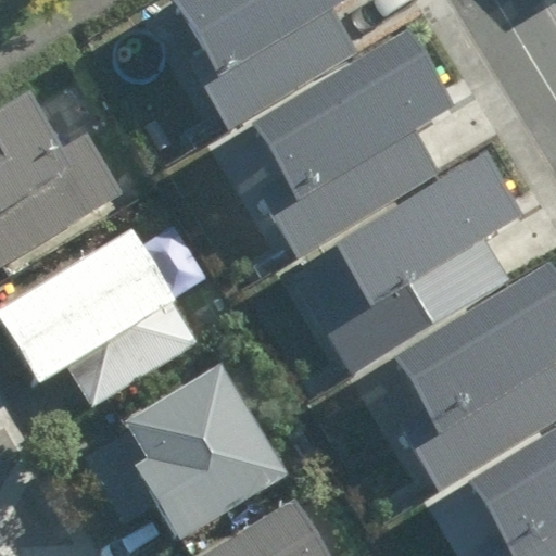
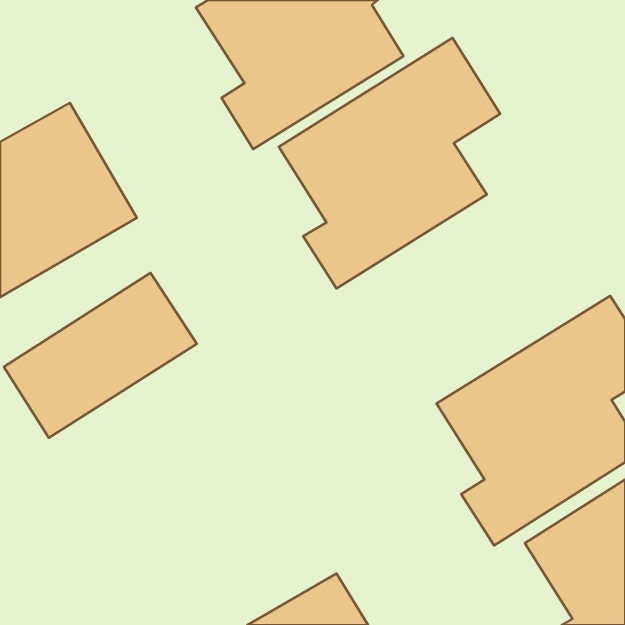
building: [292,160,514,370] -> none
building: [115,371,289,544] -> none

